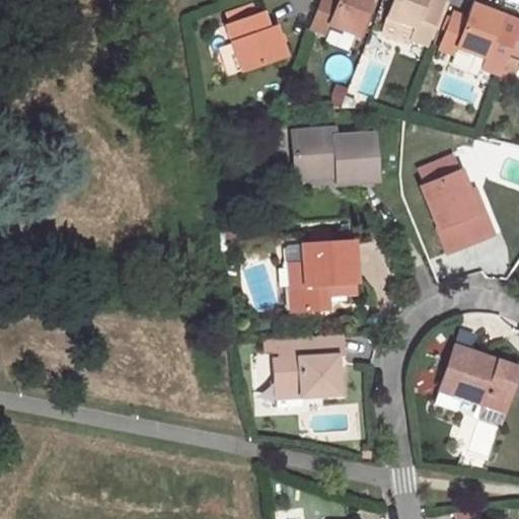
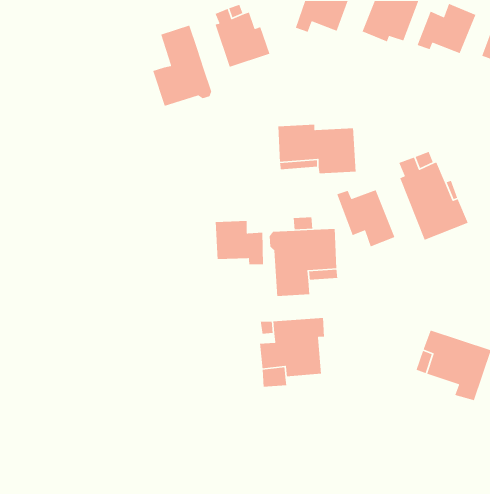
building: none -> [152,24,212,107]
building: none -> [336,189,395,248]
building: none -> [215,220,264,265]

